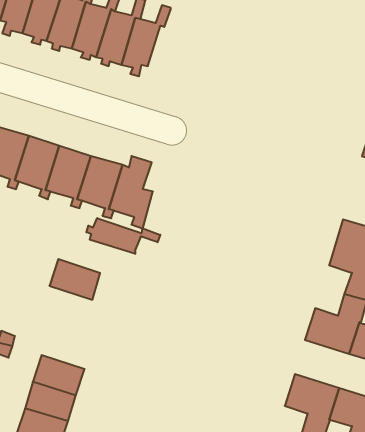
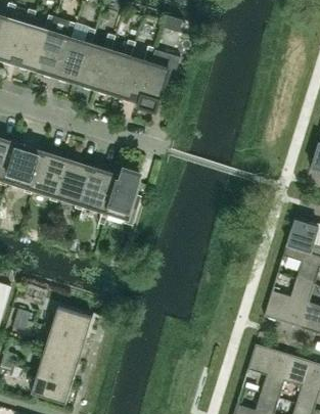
building: none -> [137,49,180,110]
building: [86,218,160,254] -> none
building: [49,259,100,300] -> [51,307,92,339]

